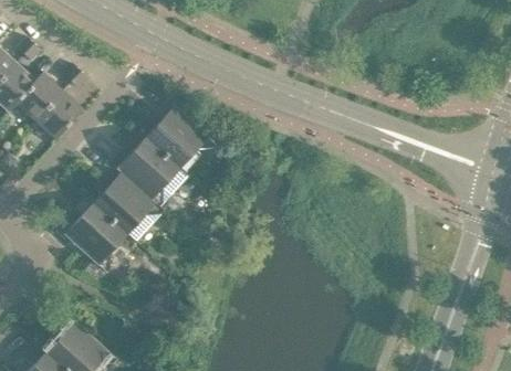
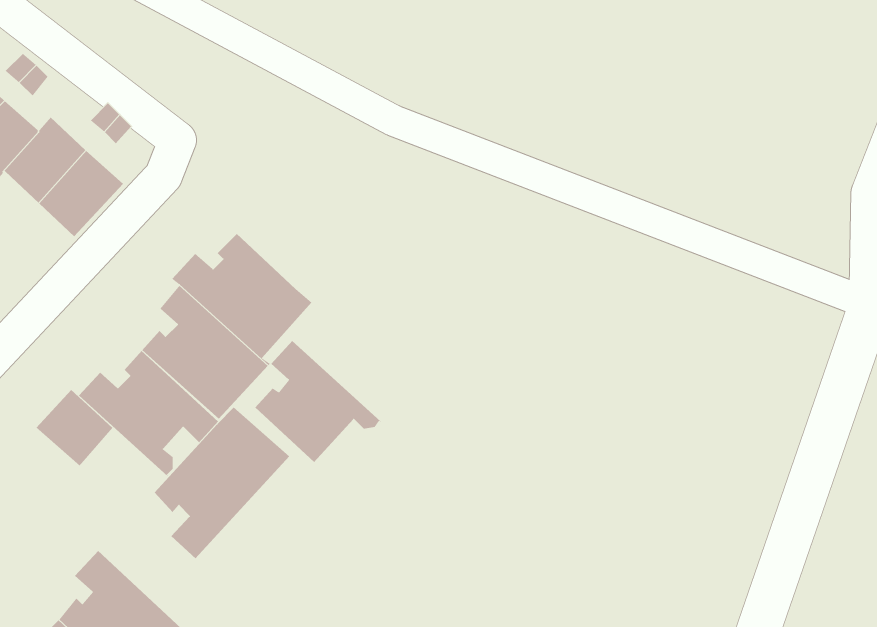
building: [145,99,216,168] -> [255,340,381,463]
building: none -> [35,389,113,466]
building: none -> [154,406,290,559]

